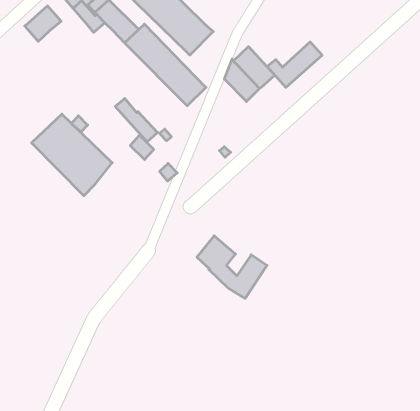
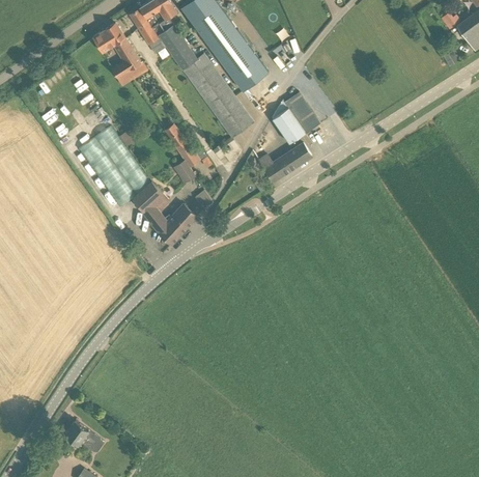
building: none -> [110,38,148,88]
building: [267,42,322,87] -> [258,142,312,181]
building: [197,236,267,298] -> [133,180,198,245]

